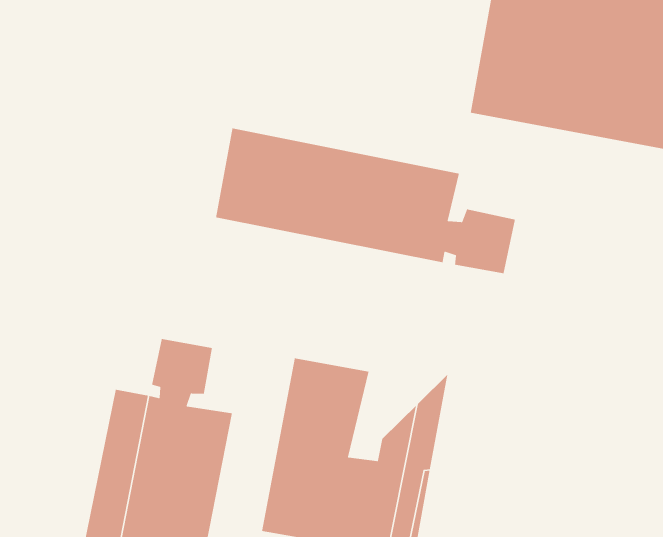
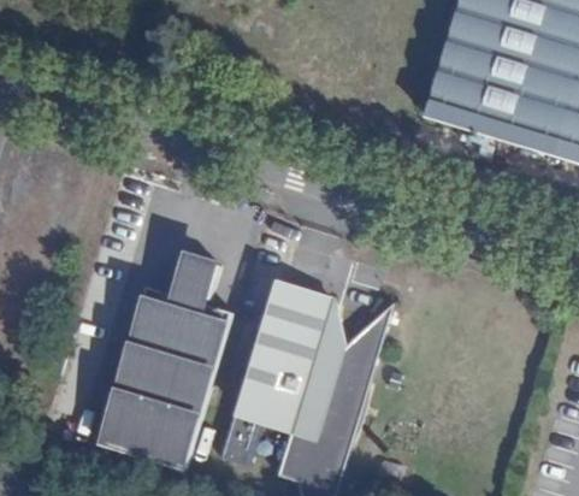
building: [215,128,516,274] -> none

